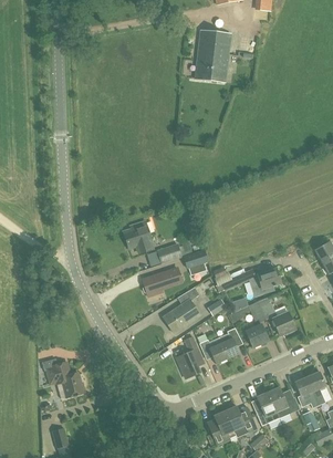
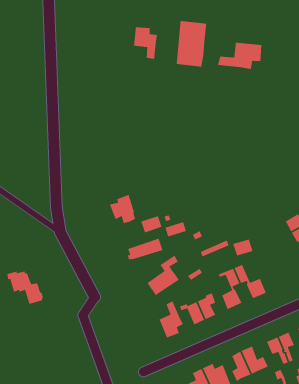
building: none -> [133,26,158,60]
building: none -> [217,42,262,70]
building: [42,358,83,396] -> [6,270,44,305]

